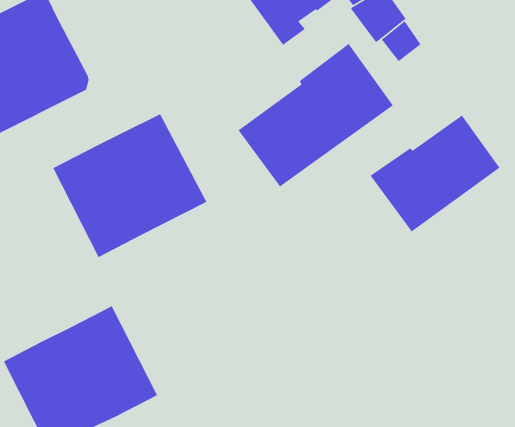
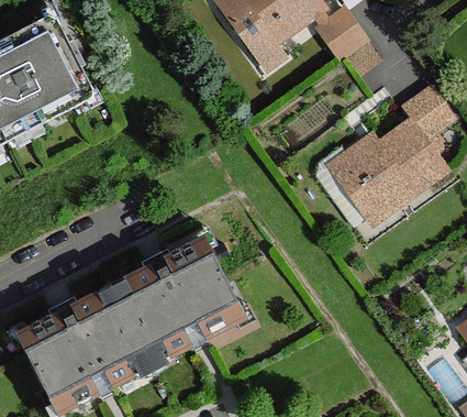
building: [238,43,394,187] -> none
building: none -> [403,88,452,135]
building: [52,113,207,258] -> [111,238,245,363]

